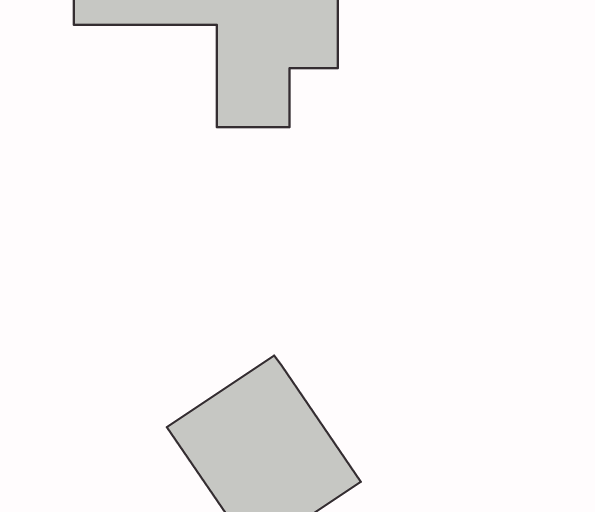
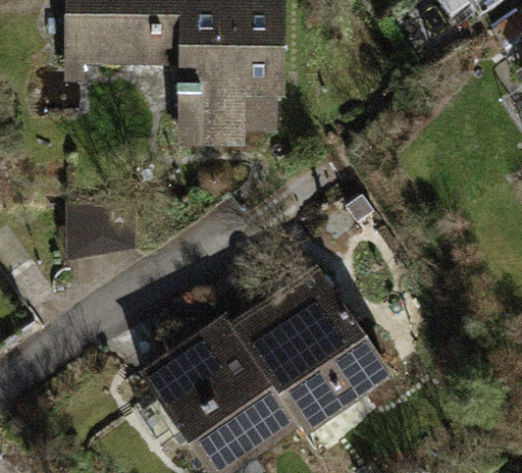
building: none -> [238,272,392,432]

